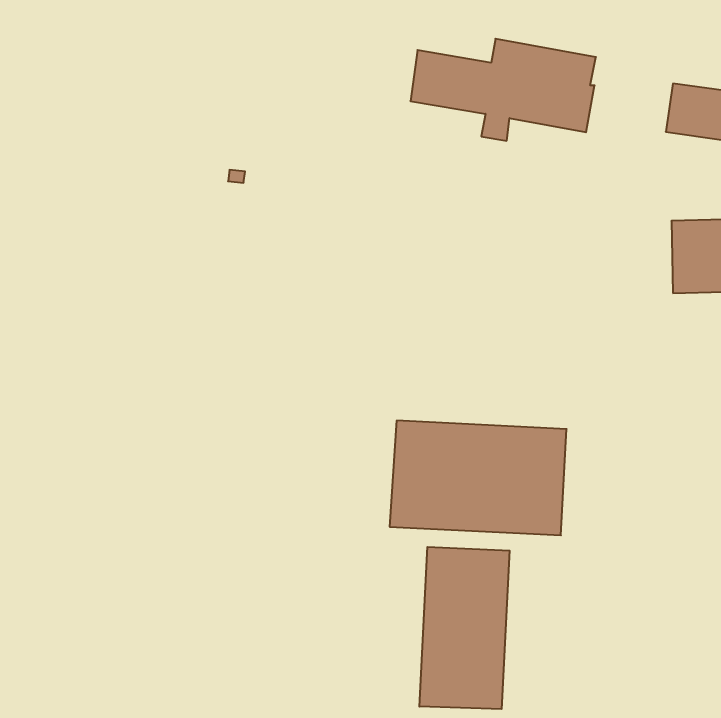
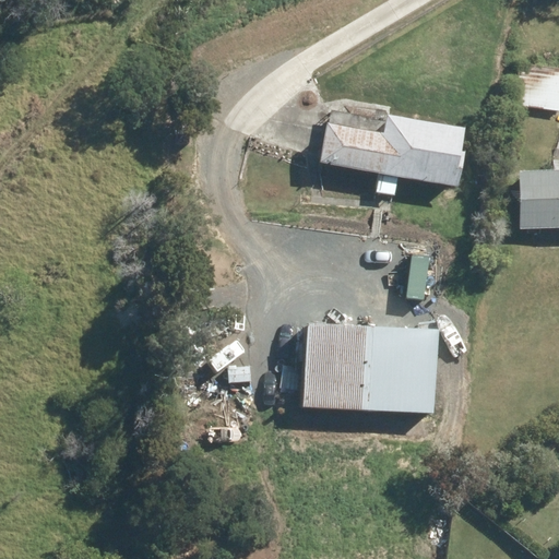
building: [410,39,596,141] -> [322,115,465,193]
building: [419,547,510,709] -> none

